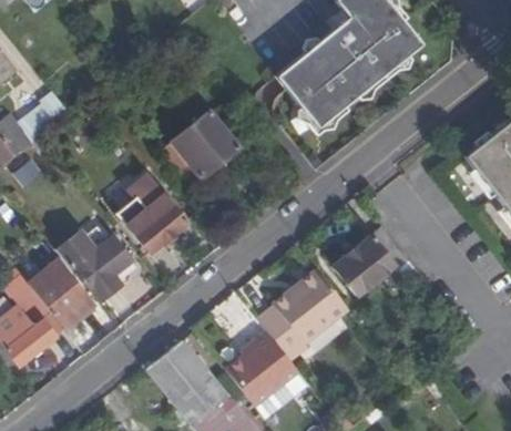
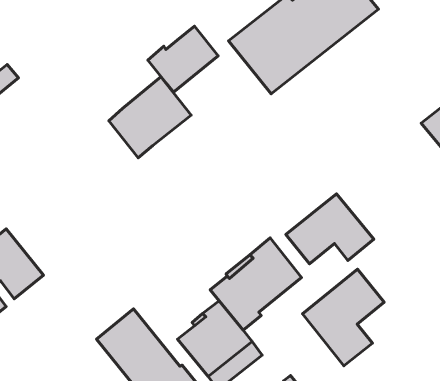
building: none -> [148,26,218,92]
building: [120,174,188,254] -> none
building: [57,226,132,300] -> none
building: none -> [303,269,384,366]

